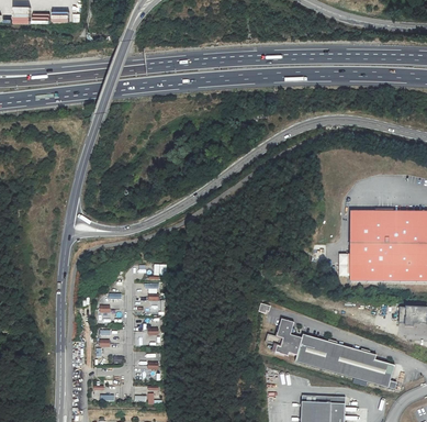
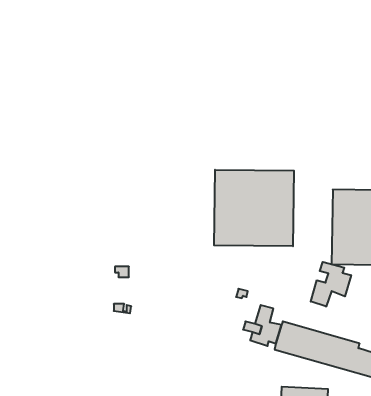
building: none -> [214,170,294,246]
building: none -> [311,262,351,307]

